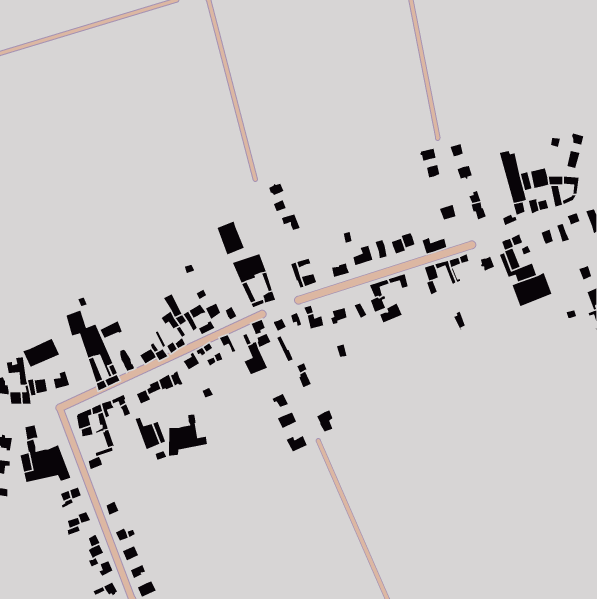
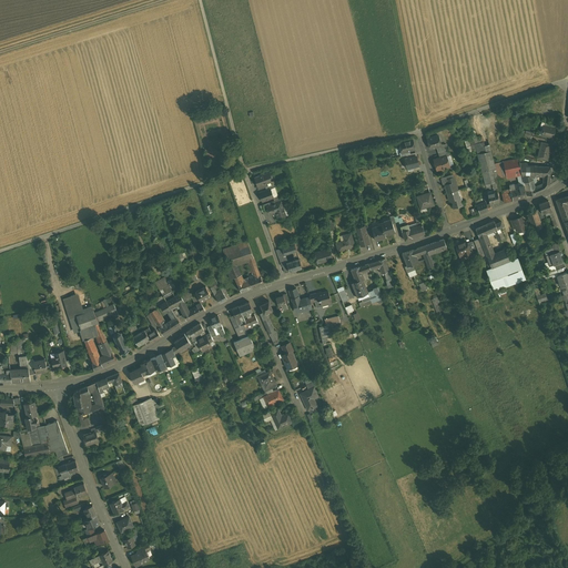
building: [217,220,245,255] -> none
building: [22,338,60,368] -> none
building: [168,414,208,457] -> none

